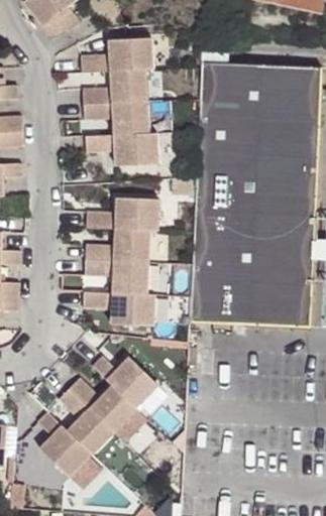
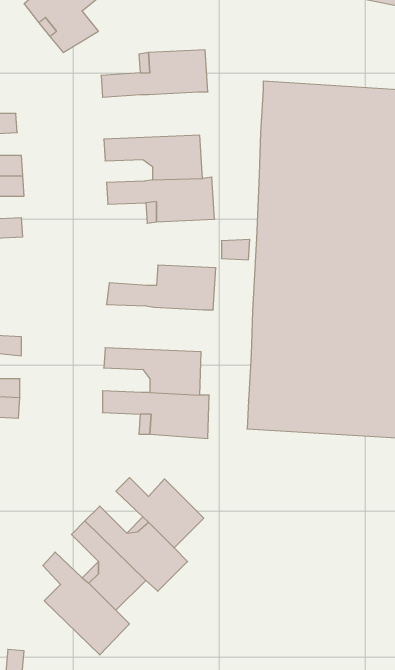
building: [81,69,153,104] -> none
building: [83,229,156,262] -> none

